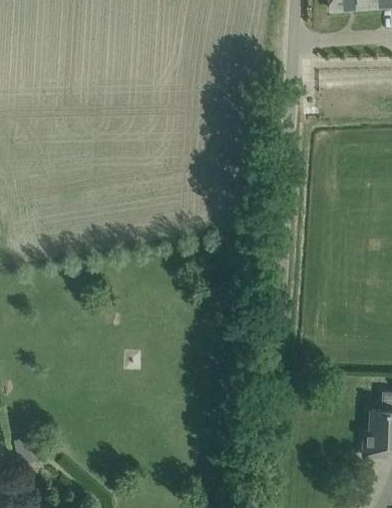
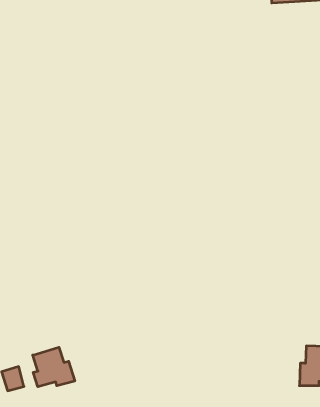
building: none -> [33,347,75,387]

